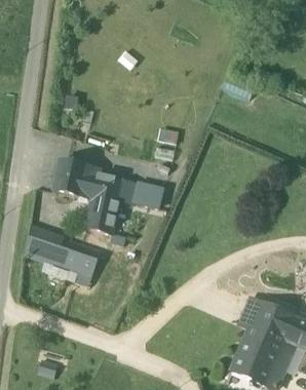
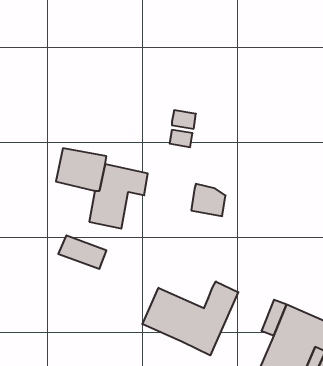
building: [133,179,164,207] -> [191,184,226,216]
building: [26,226,93,281] -> none
building: none -> [142,281,238,355]

